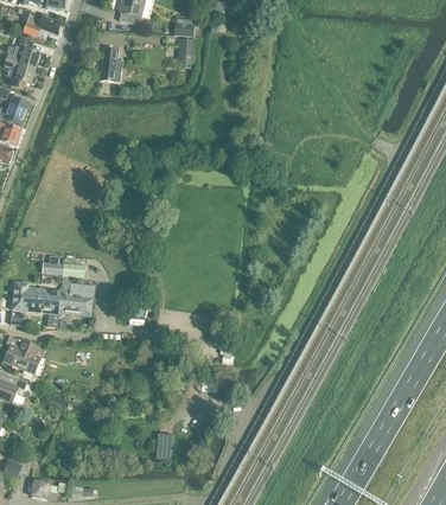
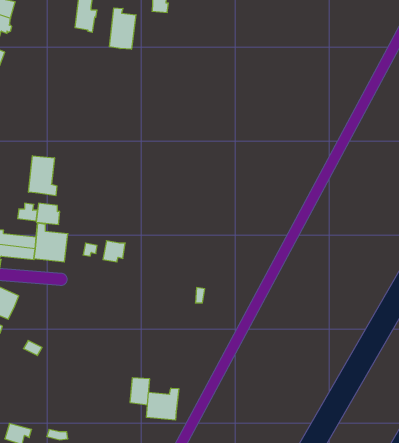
building: none -> [109,8,136,49]
building: none -> [29,156,57,196]
building: none -> [147,388,179,420]

